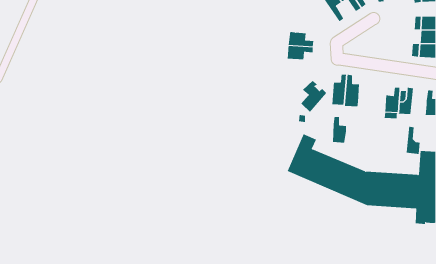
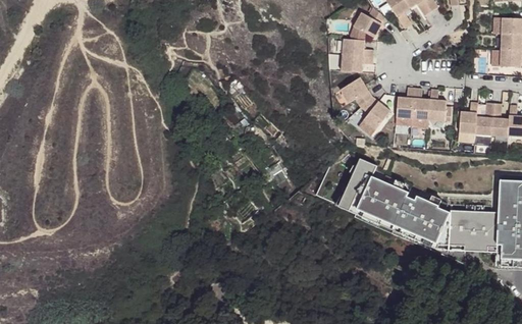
building: none -> [350,5,385,40]
building: none -> [341,77,373,107]
building: [332,116,347,143] -> [428,91,446,122]
building: [406,126,420,155] -> [490,105,508,139]

